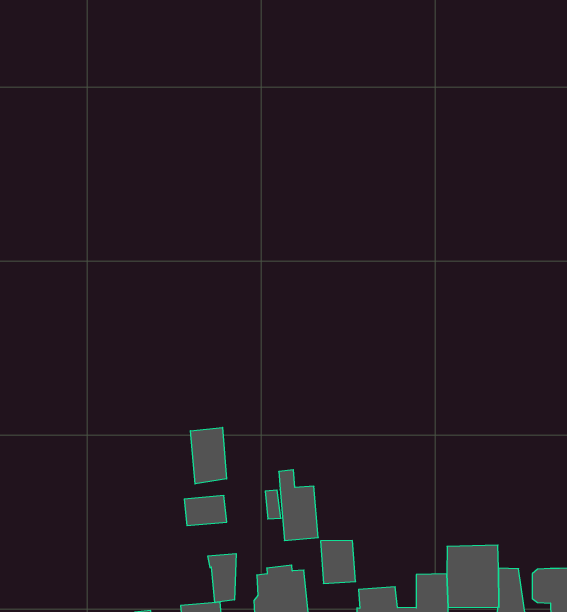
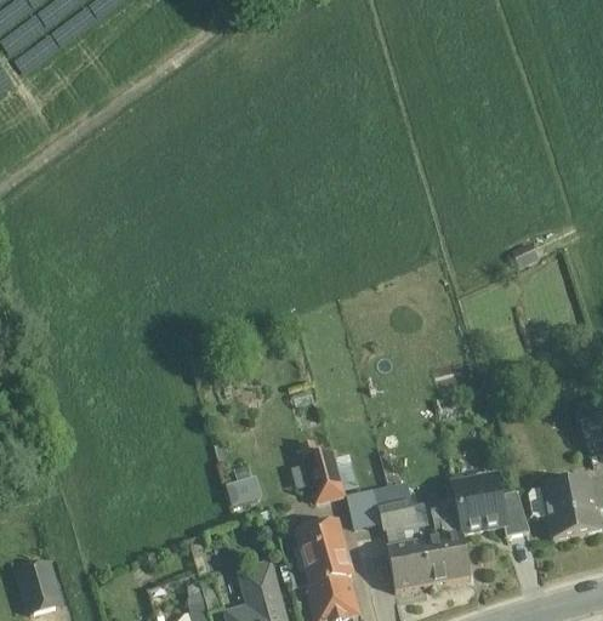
building: [190,427,227,484] -> none
building: none -> [372,482,416,530]
building: [208,554,236,603] -> none

